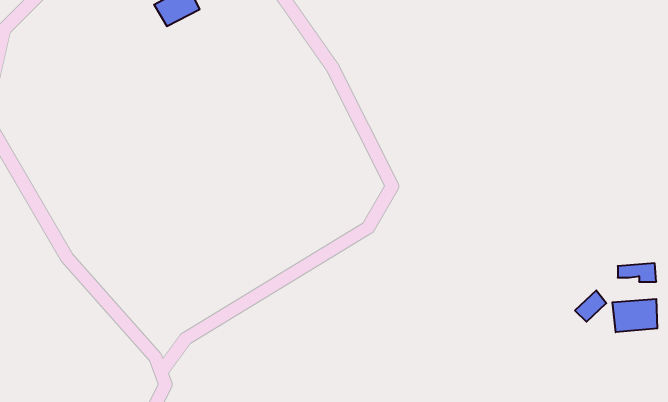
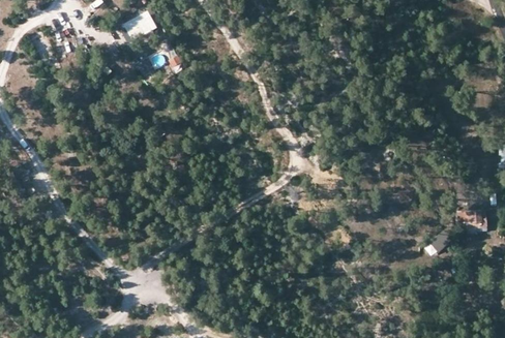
building: [612,299,657,332] -> none

